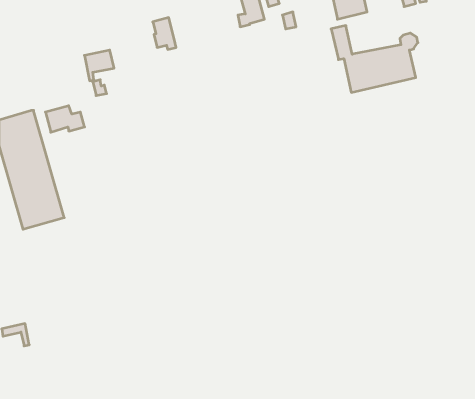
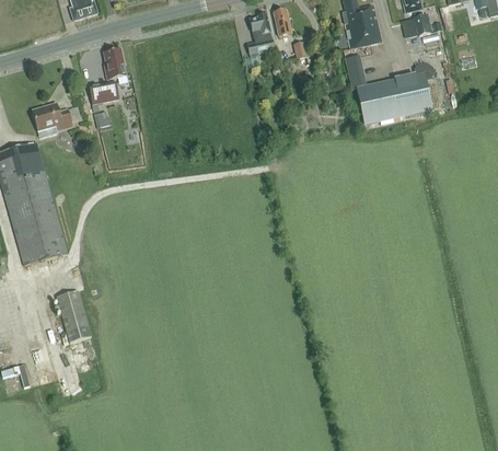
building: [153,18,176,49] -> [103,48,127,81]
building: [45,106,85,132] -> [31,103,71,130]
building: none -> [55,290,90,343]

